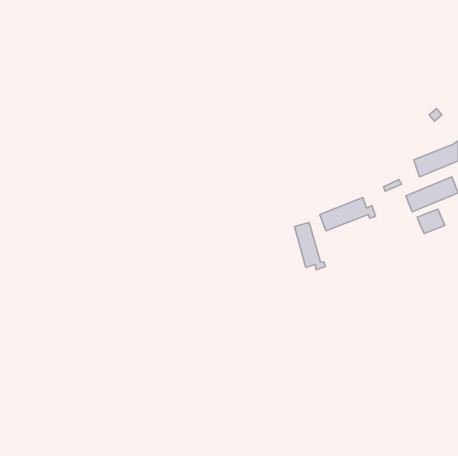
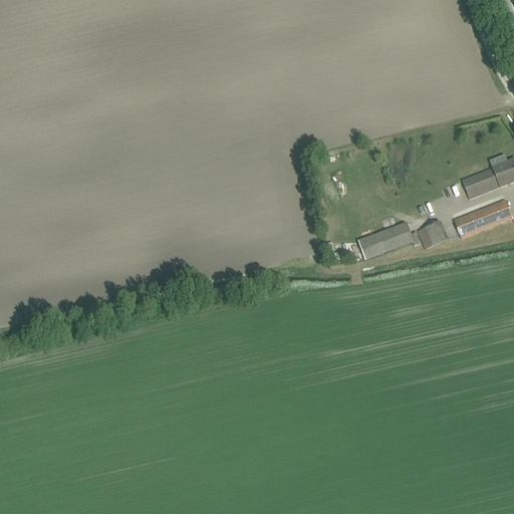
building: [417,209,445,233] -> [417,220,448,247]
building: [294,222,326,270] -> none

